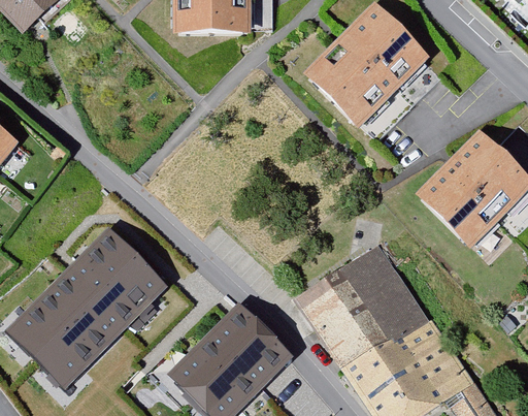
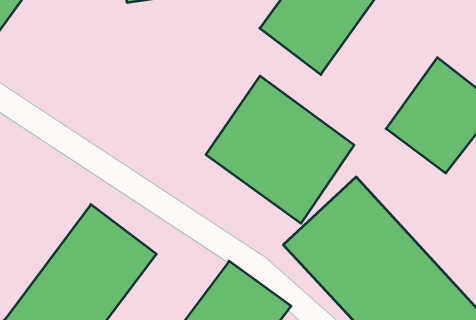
building: none -> [206,76,354,223]

